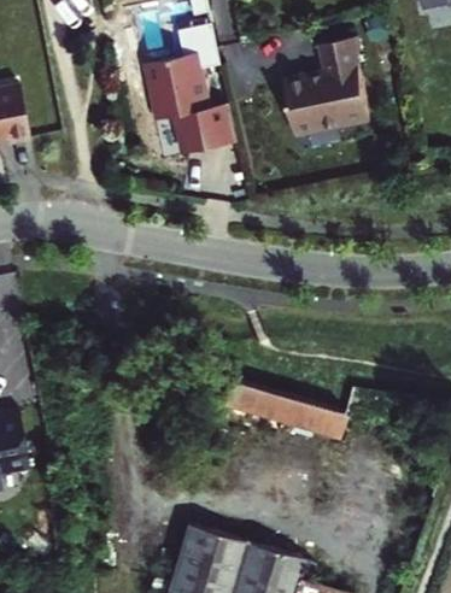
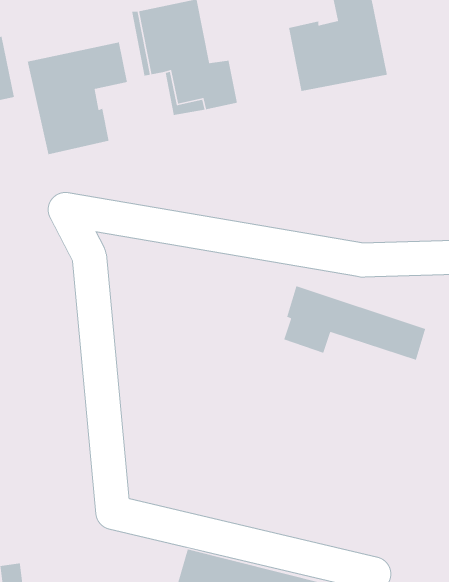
building: none -> [27,41,128,155]
building: [222,380,345,445] -> [283,285,426,361]

